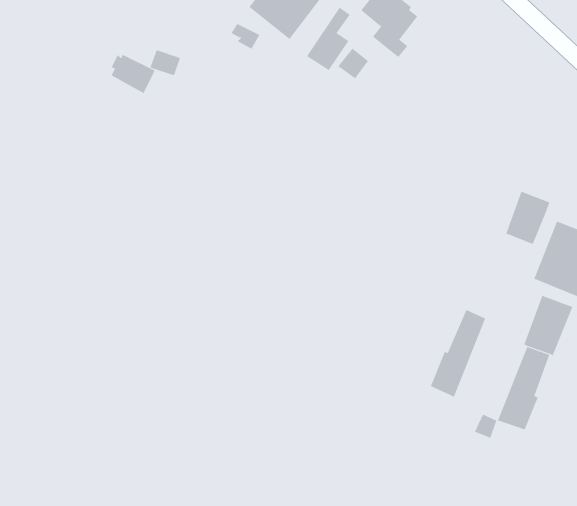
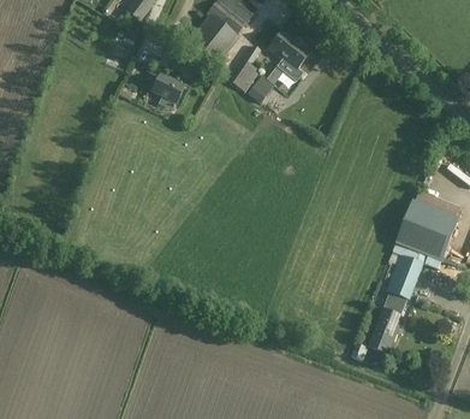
building: [111,54,155,94] -> [151,73,184,102]
building: [506,191,550,245] -> none
building: [430,309,486,398] -> none

